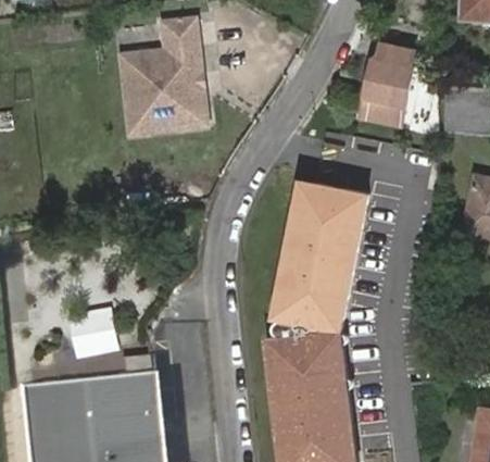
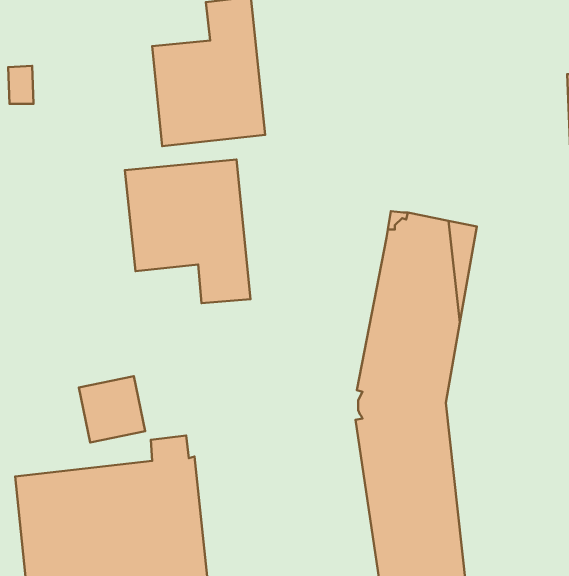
building: [355,54,413,126] -> none
building: none -> [125,159,251,303]

